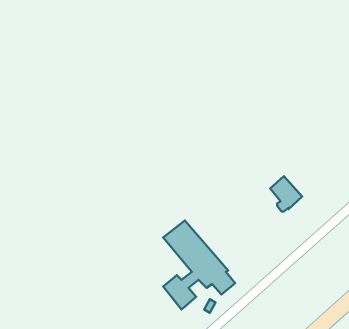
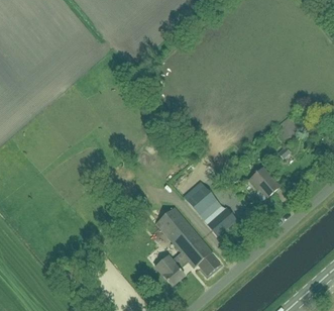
building: none -> [183,182,220,220]
building: none -> [207,209,235,236]

